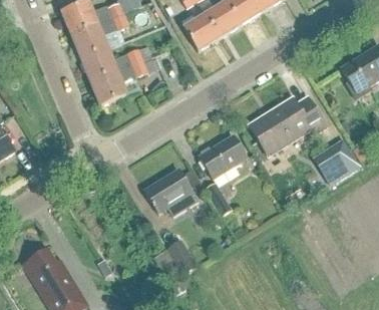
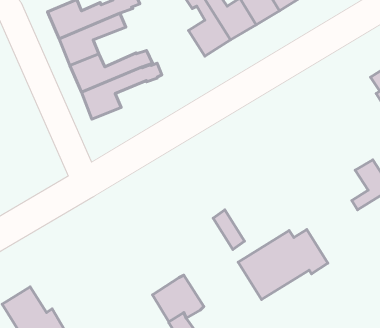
building: [249,96,326,157] -> [238,229,328,299]
building: [198,135,247,180] -> none
building: [144,168,199,216] -> none

